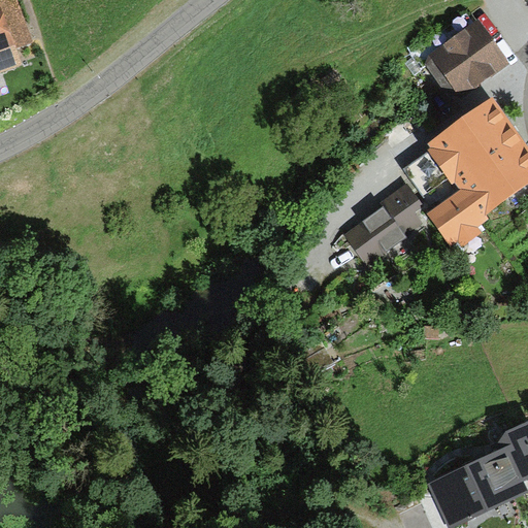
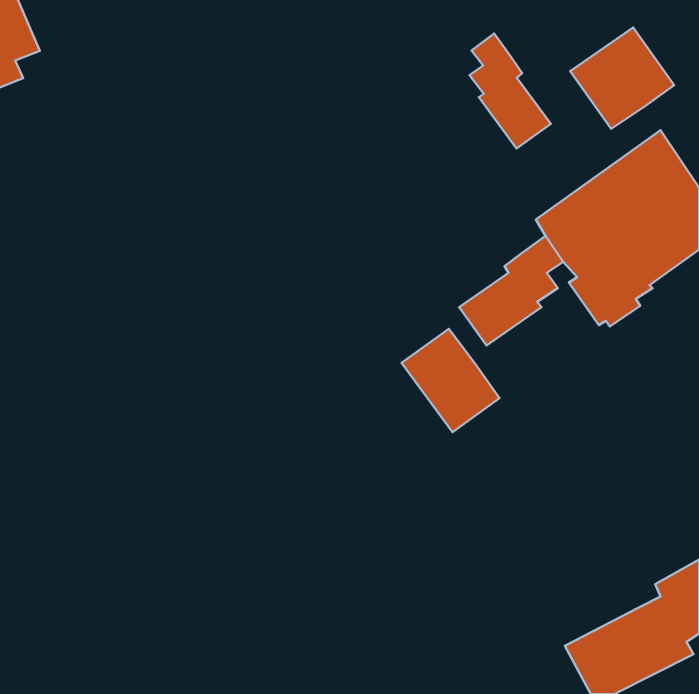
building: none -> [469,34,551,149]
building: none -> [402,329,500,432]

